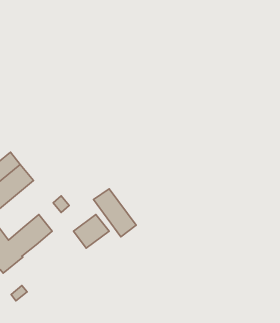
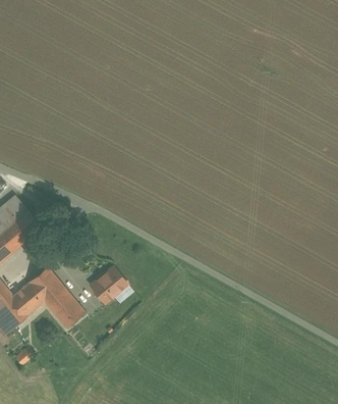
building: [93,189,136,237] -> none
building: none -> [45,286,86,327]

